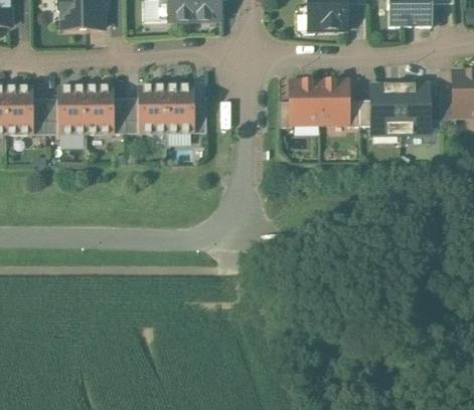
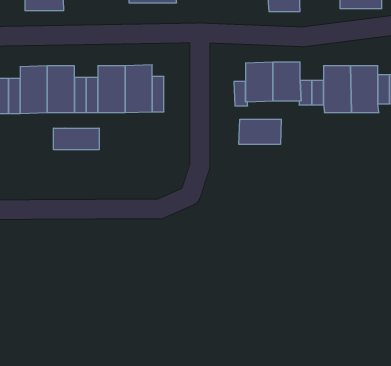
building: none -> [239,119,281,144]
building: none -> [54,128,99,150]

